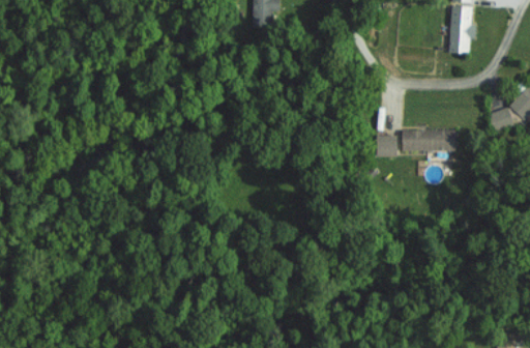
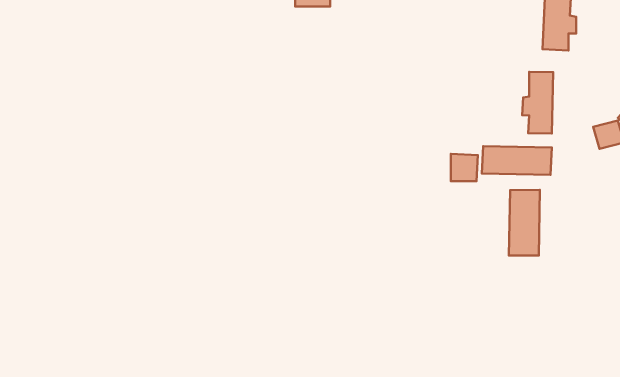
building: none -> [522,72,553,133]
building: none -> [509,190,540,256]

